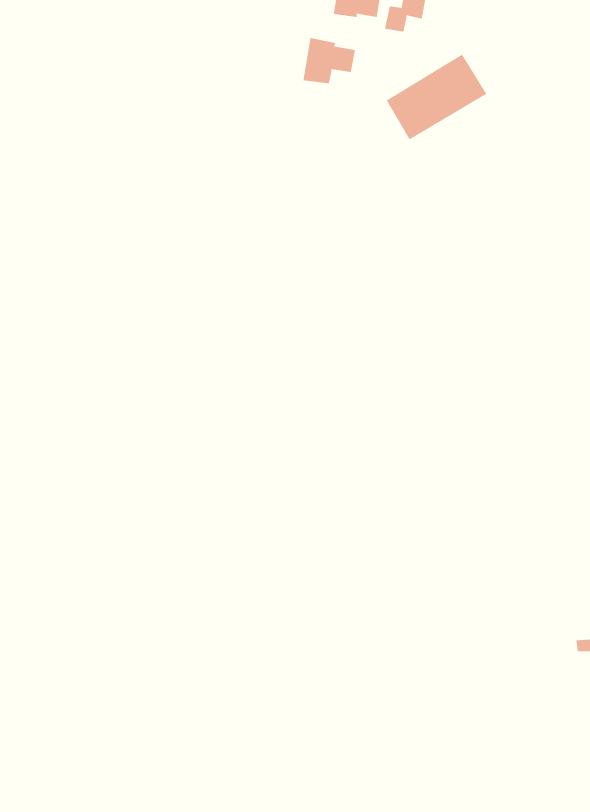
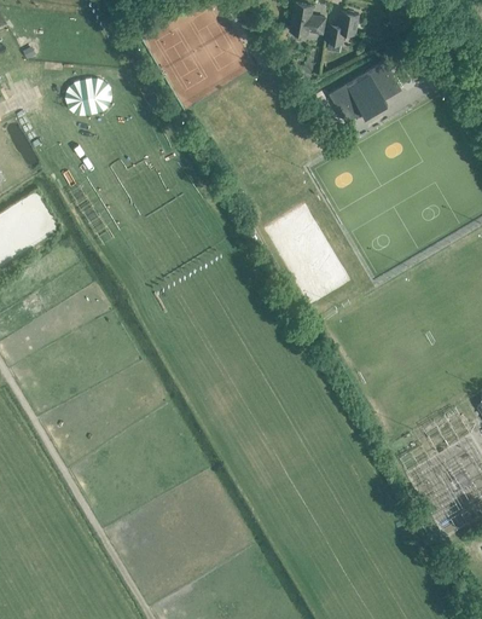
building: [303,37,355,84] -> none

